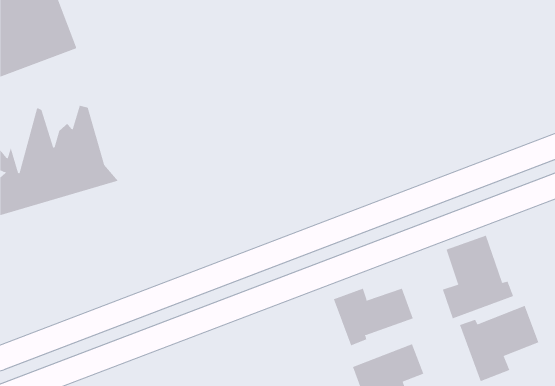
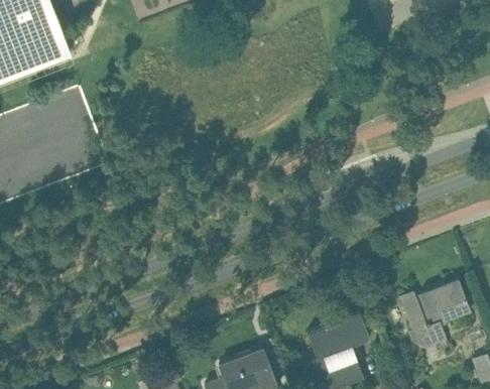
building: [442,235,514,319] -> none
building: [333,288,414,346] -> none

